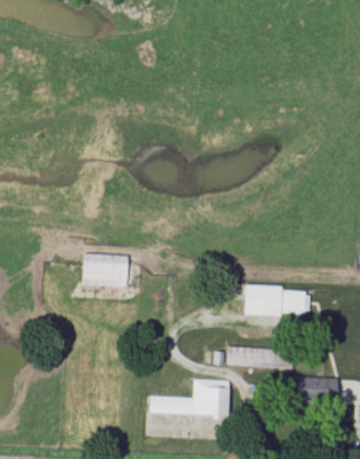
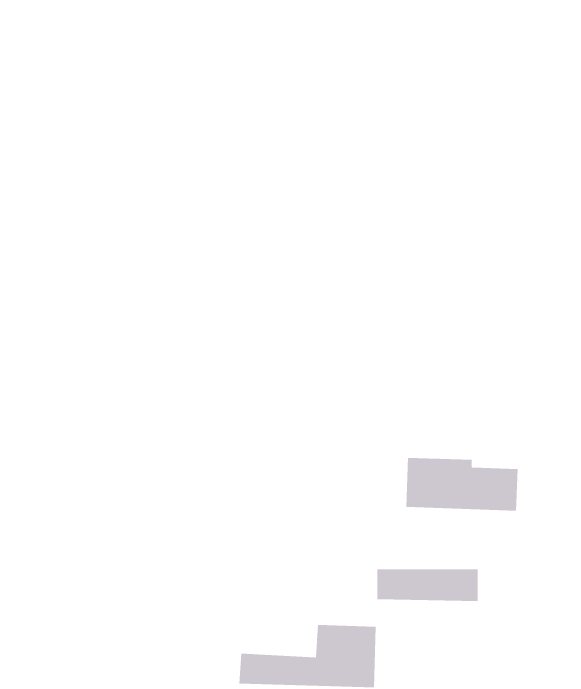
building: [83,255,129,286] -> none
building: [293,377,338,400] -> none

